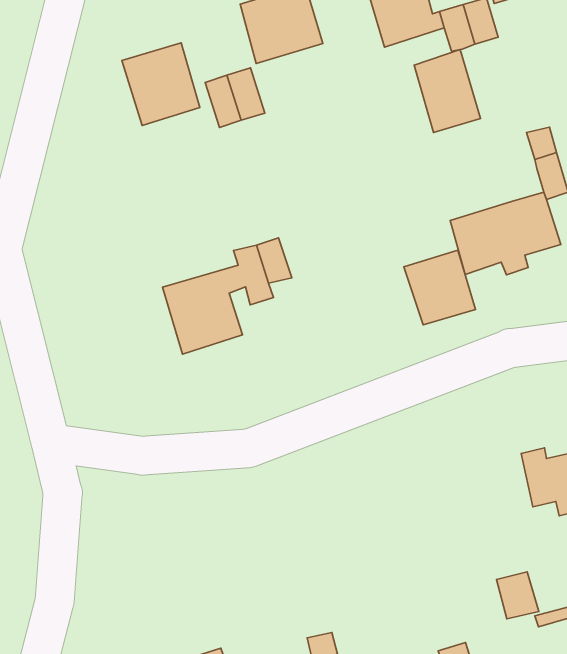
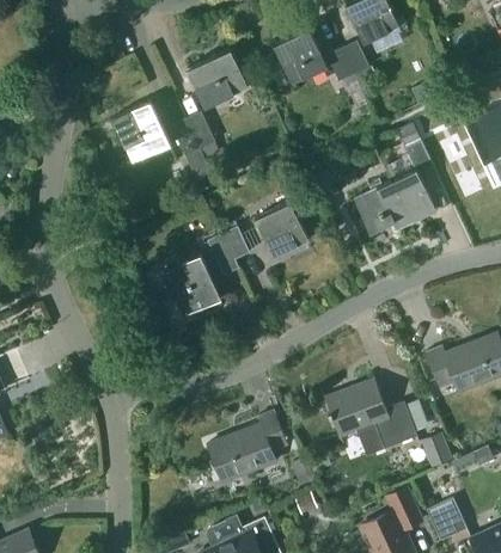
building: [414,50,481,133] -> none
building: [404,250,475,325] -> [255,202,308,257]
building: none -> [325,380,417,449]
building: none -> [208,411,287,483]

